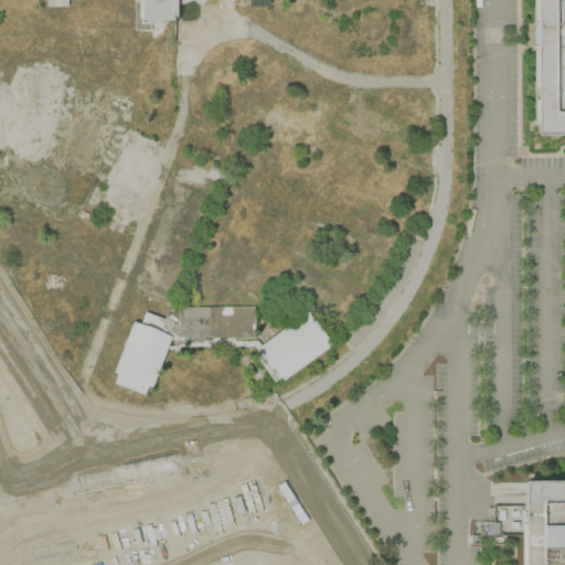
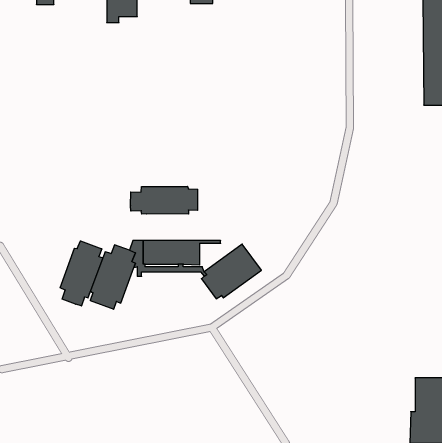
building: none -> [131,186,198,214]
building: none -> [60,241,103,306]

